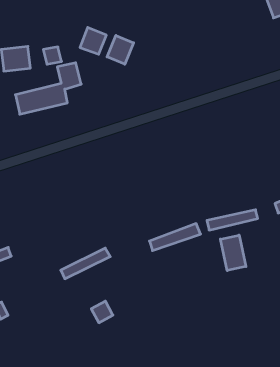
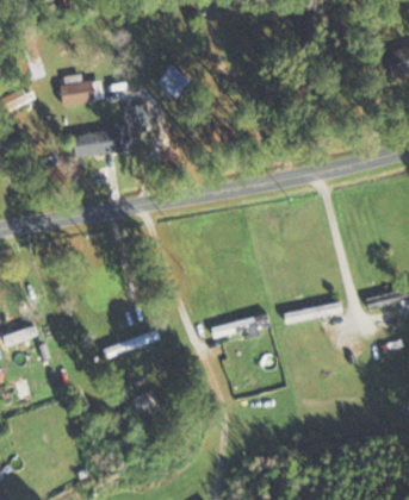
building: [107,35,134,64] -> none
building: [220,235,246,271] -> none

